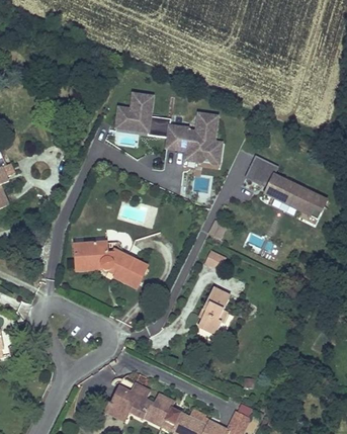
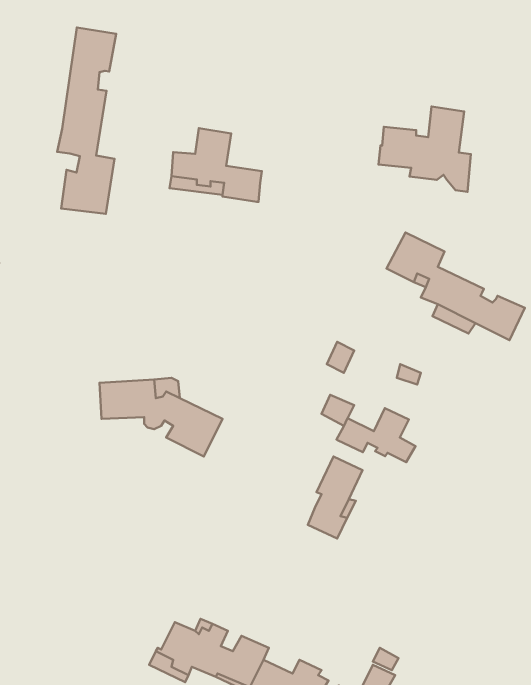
building: none -> [57,27,116,214]
building: [167,113,222,164] -> [379,106,471,192]
building: none -> [336,408,416,462]

